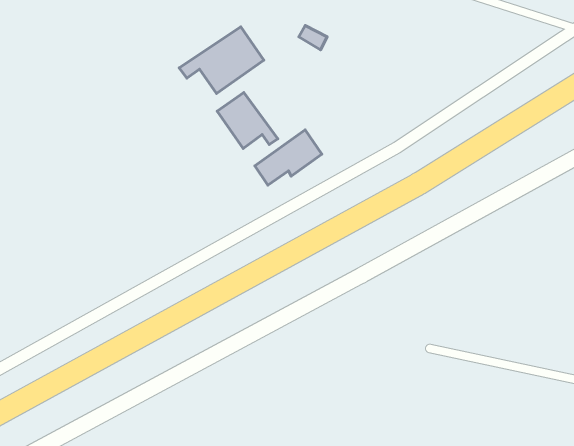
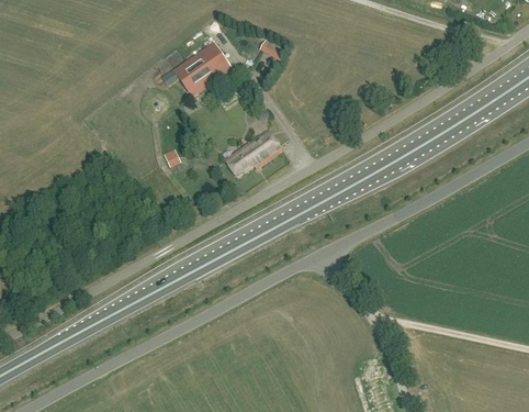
building: [217,92,278,148] -> none

